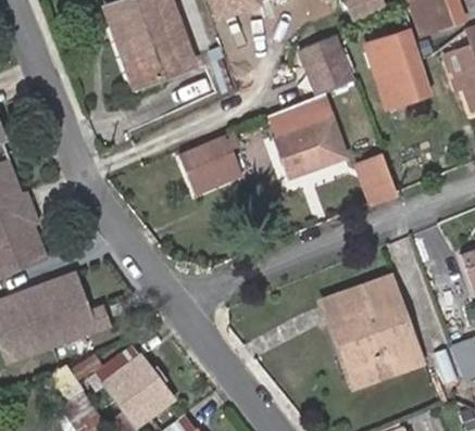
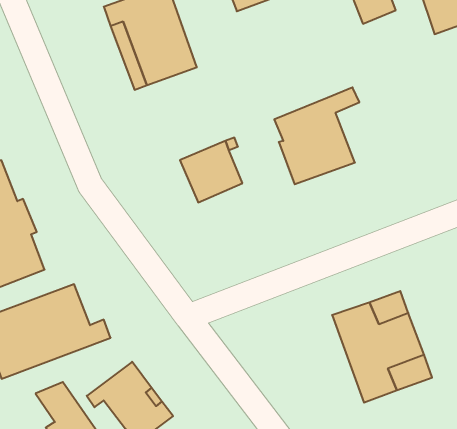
building: [365,30,430,106] -> none
building: [300,35,352,94] -> none
building: [357,154,396,202] -> none

